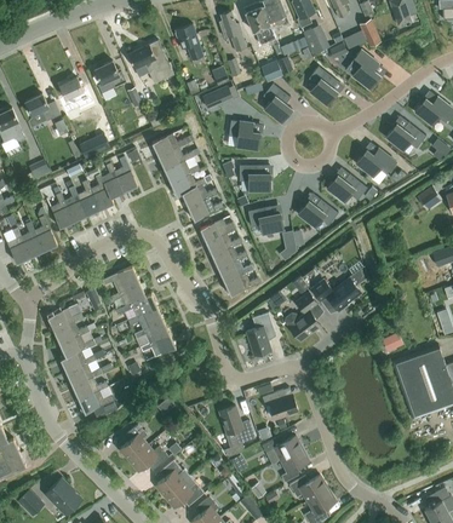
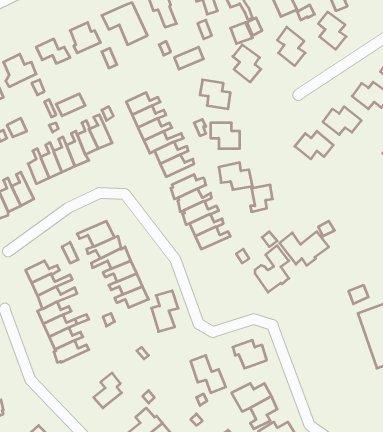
building: [298,199,338,228] -> none
building: [247,312,275,355] -> [151,291,178,332]
building: [128,444,168,472] -> none

